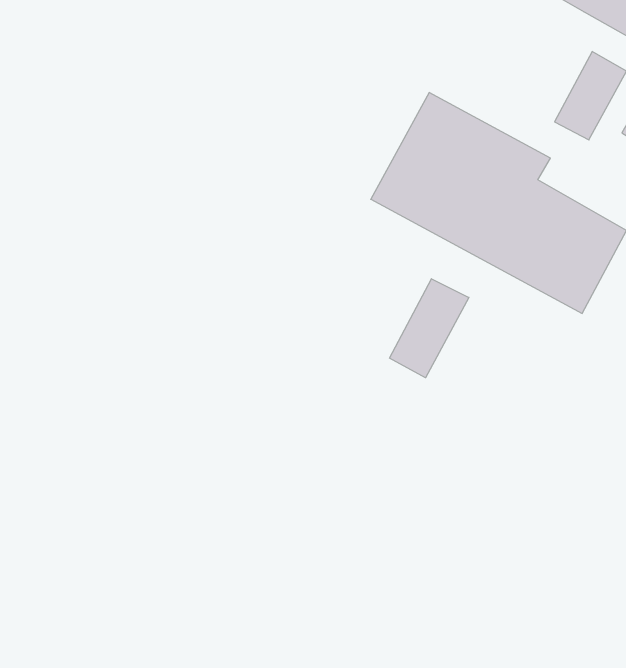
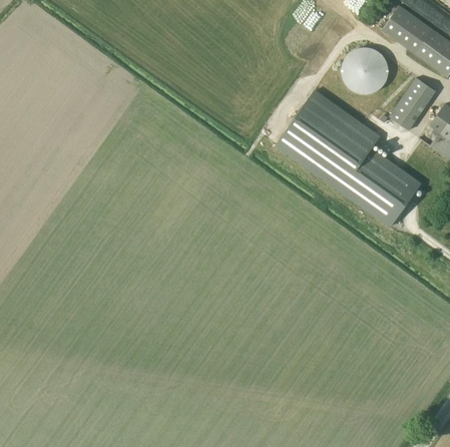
building: none -> [341,47,385,93]
building: [390,279,469,378] -> none

